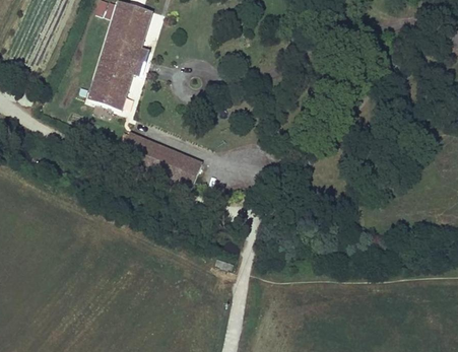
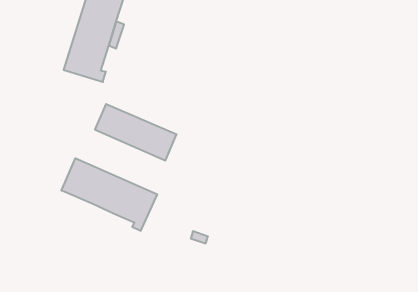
building: none -> [61,158,157,231]

